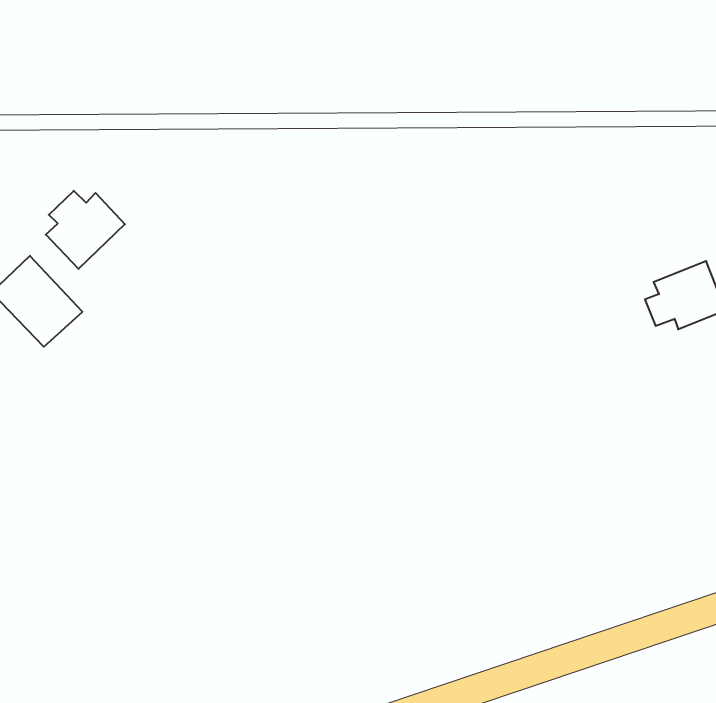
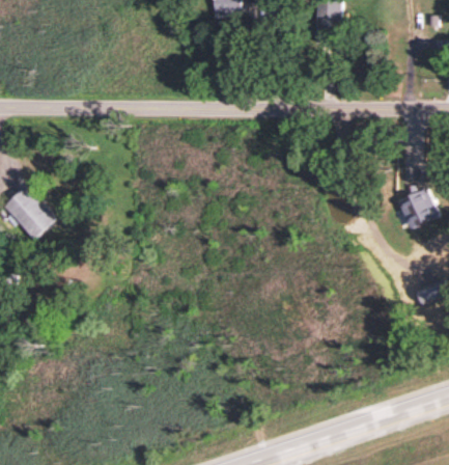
building: [46,191,125,269] -> none

